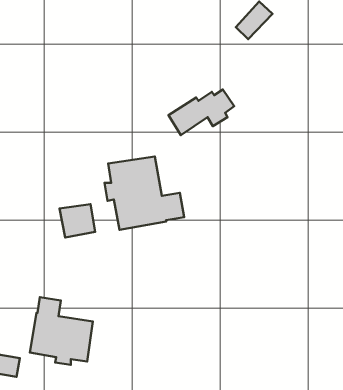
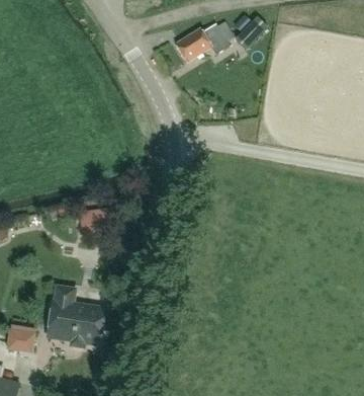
building: [169,90,234,135] -> [175,19,235,61]
building: [105,156,184,230] -> none

